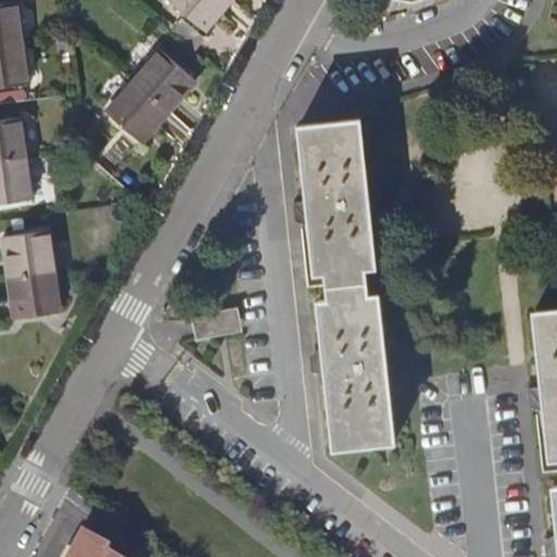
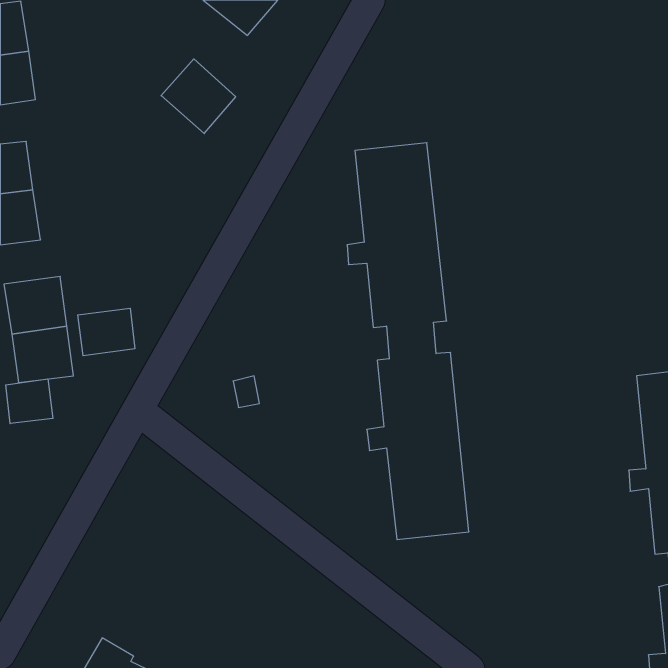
building: [108,81,171,143] -> none
building: none -> [78,308,135,356]
building: none -> [6,379,53,424]

